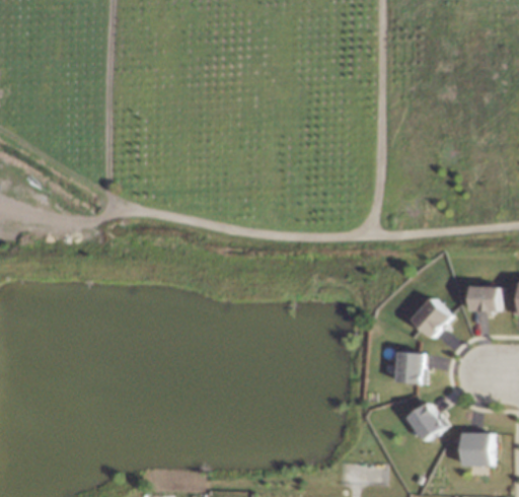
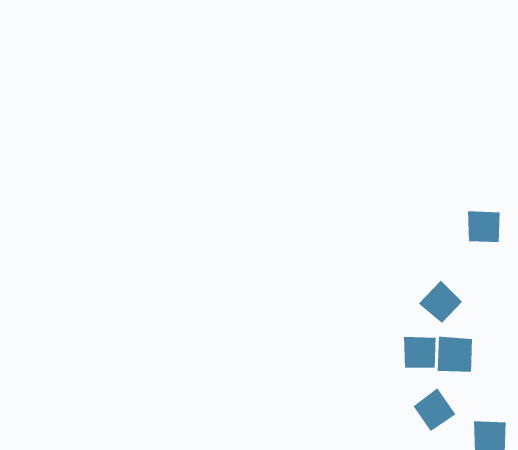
building: [467,283,500,314] -> [467,211,500,243]
building: none -> [437,336,473,373]

